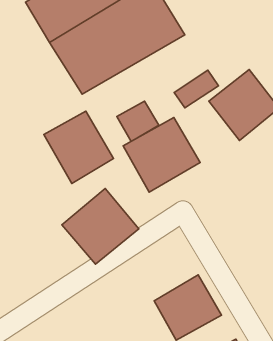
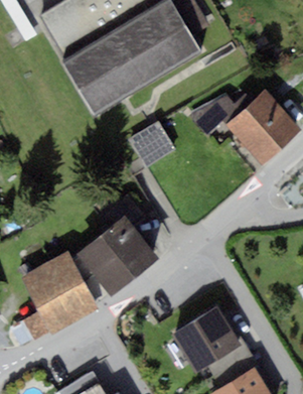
building: [44,111,114,183] -> none
building: [123,117,200,192] -> none
building: none -> [21,250,97,330]

